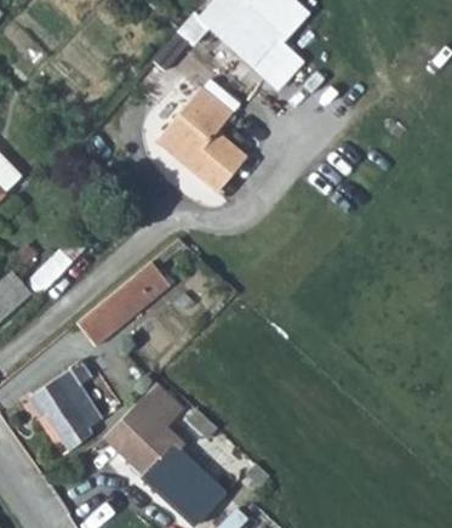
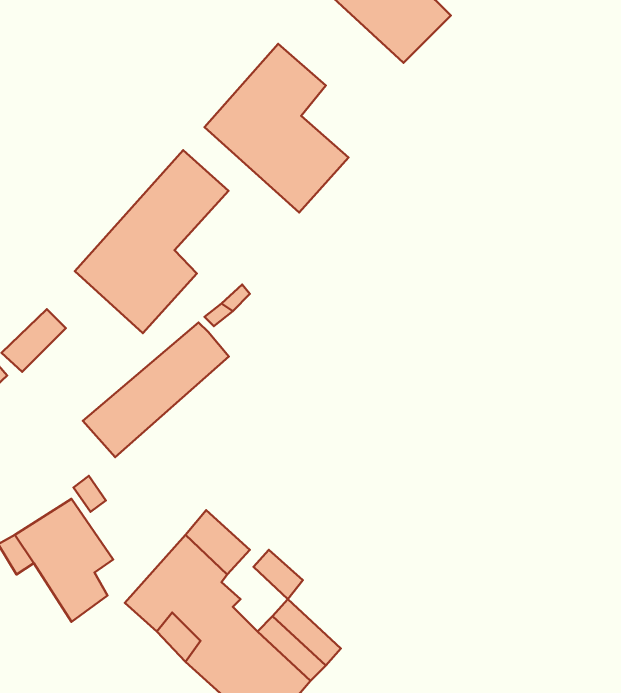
building: none -> [75,150,228,333]

